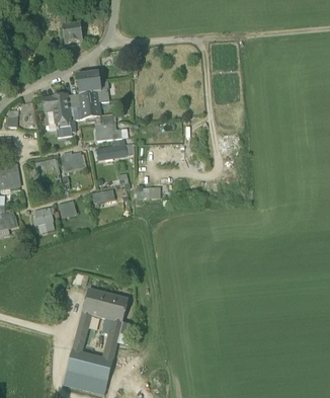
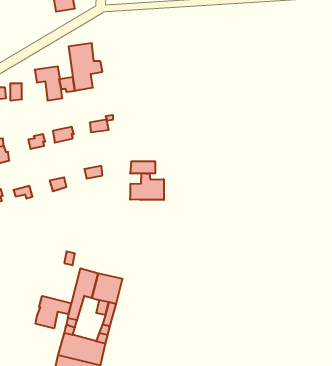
building: [87,115,116,141] -> none
building: none -> [130,173,164,200]
building: none -> [36,296,71,328]

